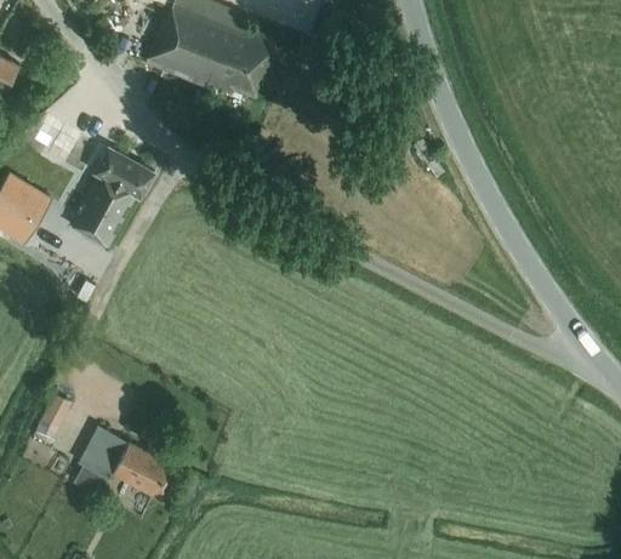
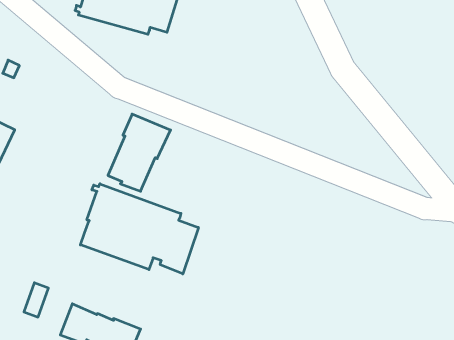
building: [68,146,153,244] -> [108,114,171,191]
building: none -> [80,184,198,274]

